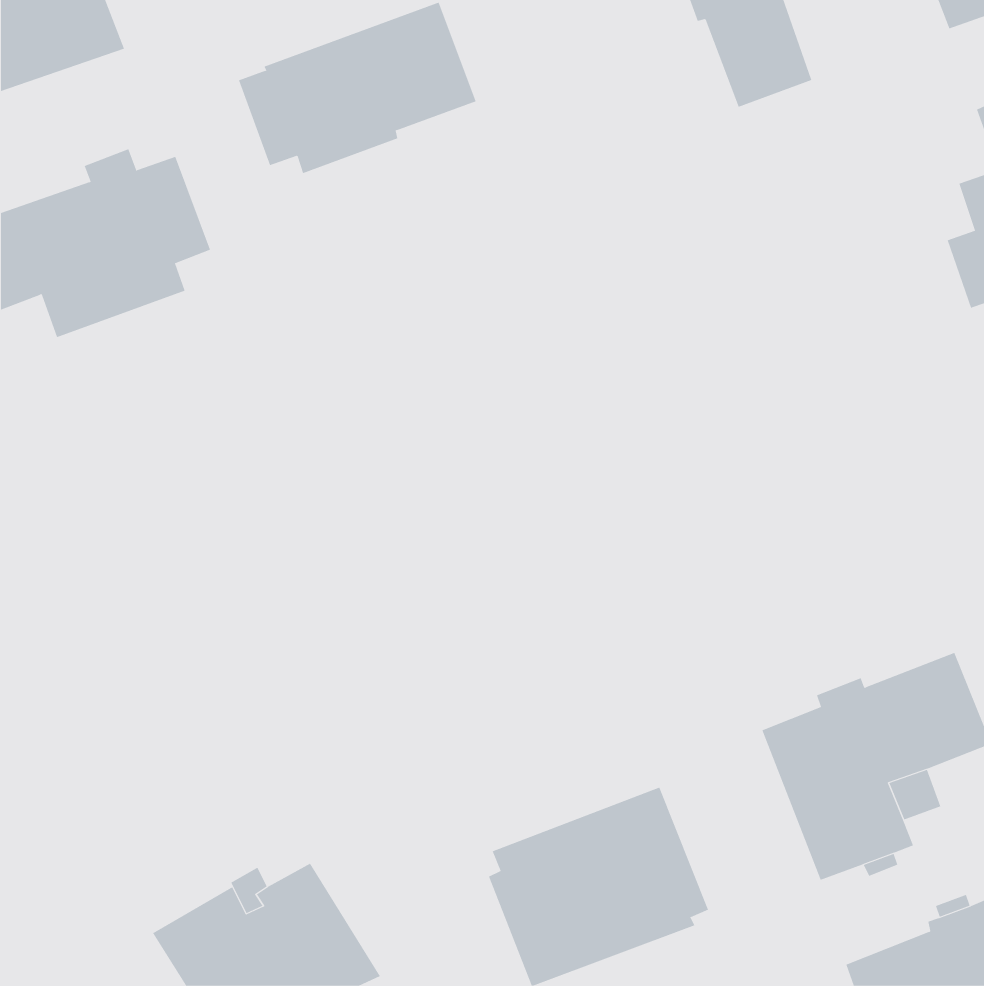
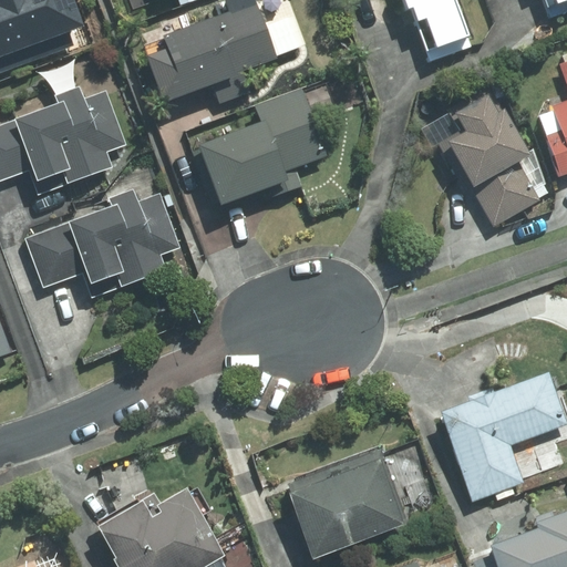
building: none -> [195,89,326,206]
building: none -> [440,94,543,224]
building: none -> [28,186,183,296]

